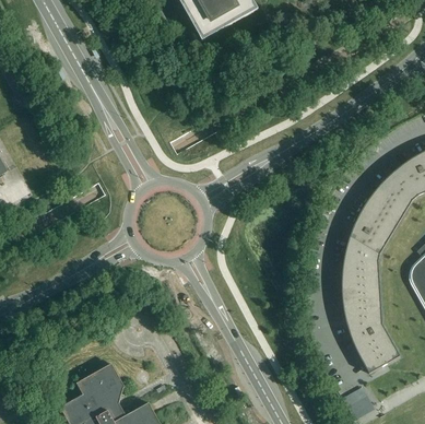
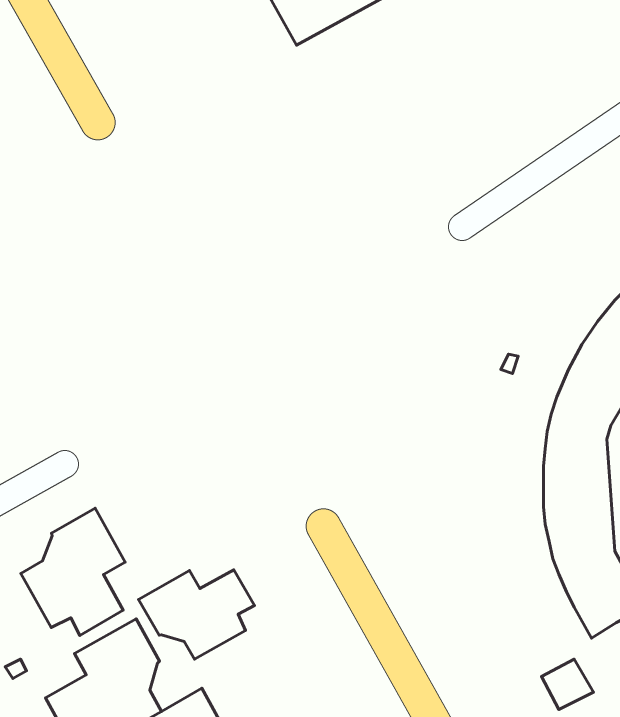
building: none -> [21,508,125,635]
building: none -> [138,570,255,659]

